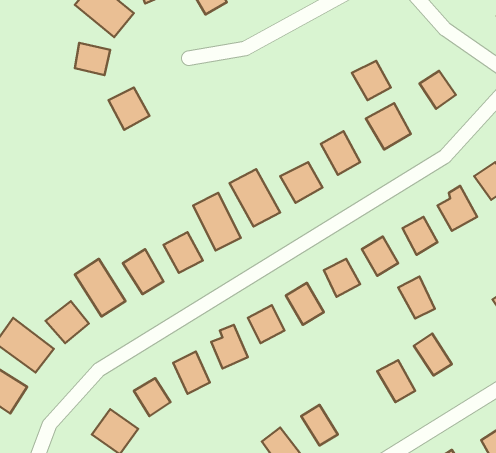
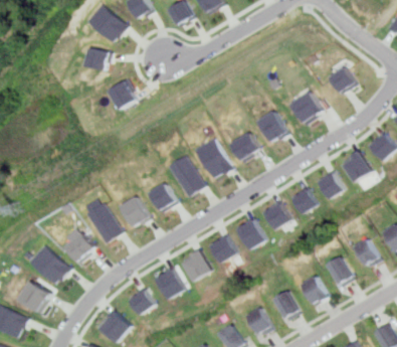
building: [352,61,391,100] -> none
building: [398,276,435,319] -> [354,237,380,268]
building: none -> [273,289,301,320]

